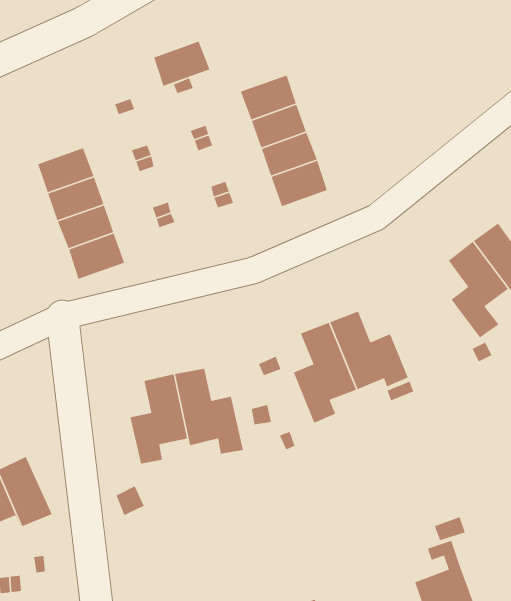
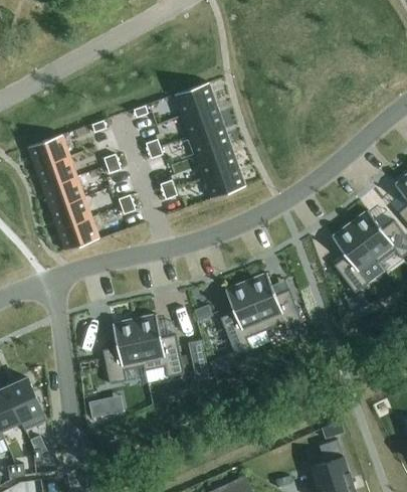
building: [153,41,210,87] -> [175,81,216,115]
building: none -> [28,134,69,167]

